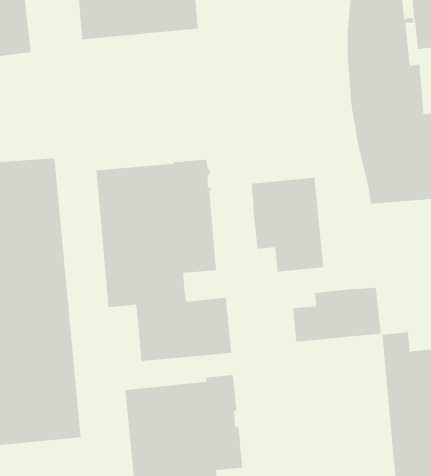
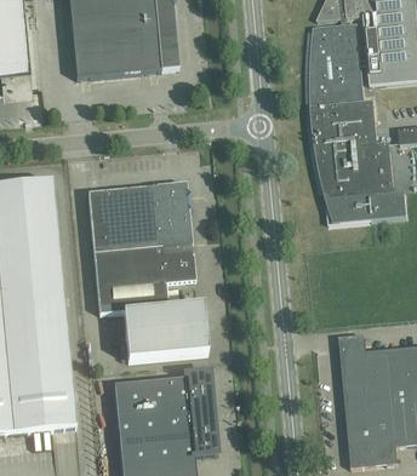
building: [251,177,324,272] -> none
building: [292,287,381,343] -> none

